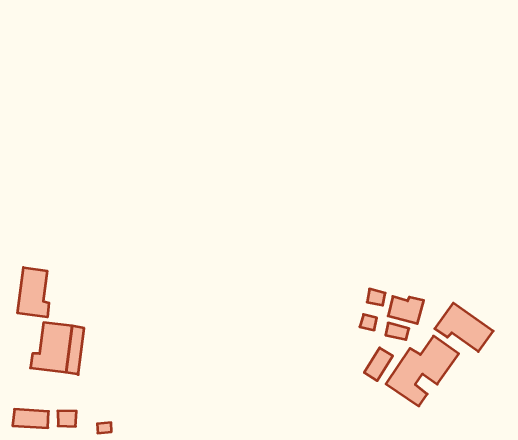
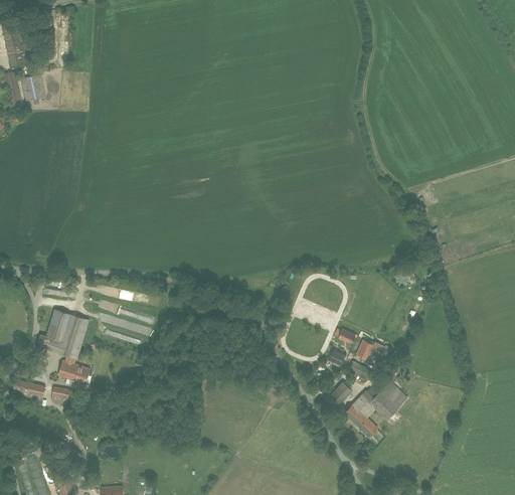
building: [18,267,49,317] -> none
building: [435,303,493,352] -> none
building: none -> [60,359,91,382]

